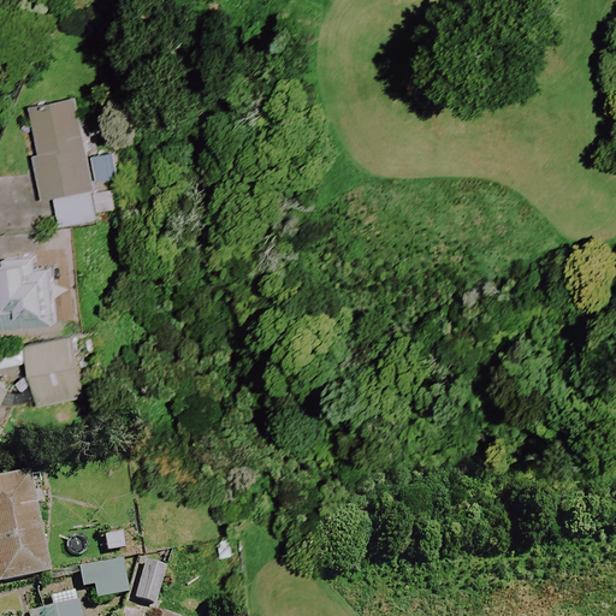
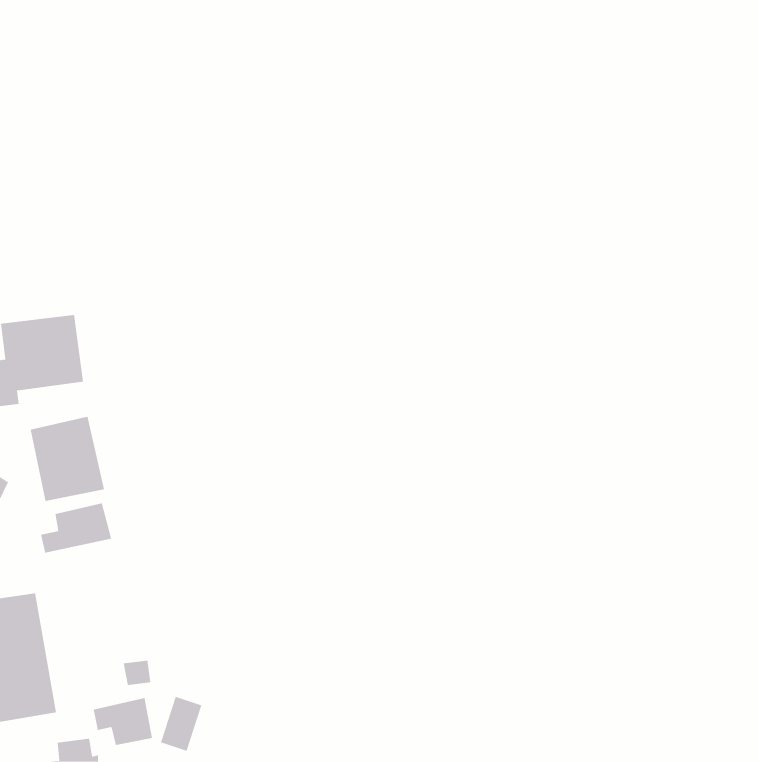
building: [29,97,116,225] -> none
building: none -> [40,502,112,553]

